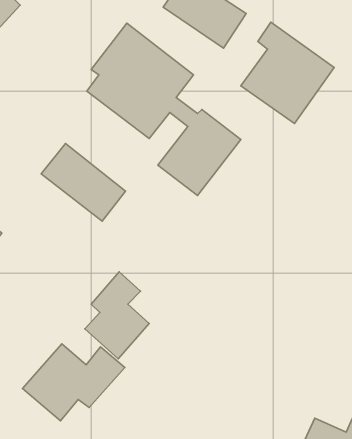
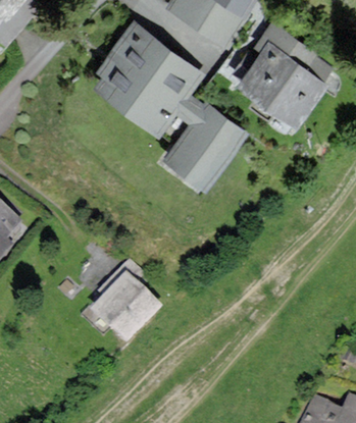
building: [41,144,125,221] -> none
building: [23,344,125,421] -> none

